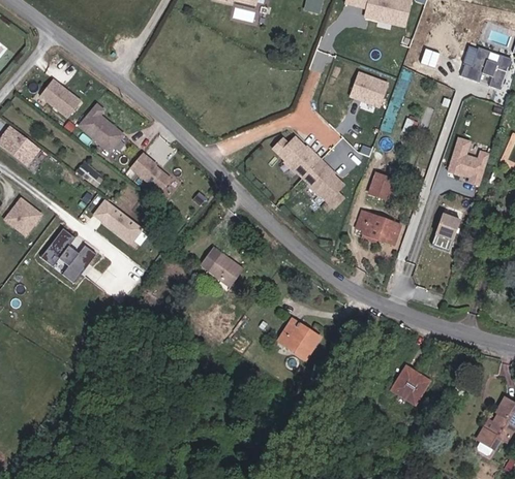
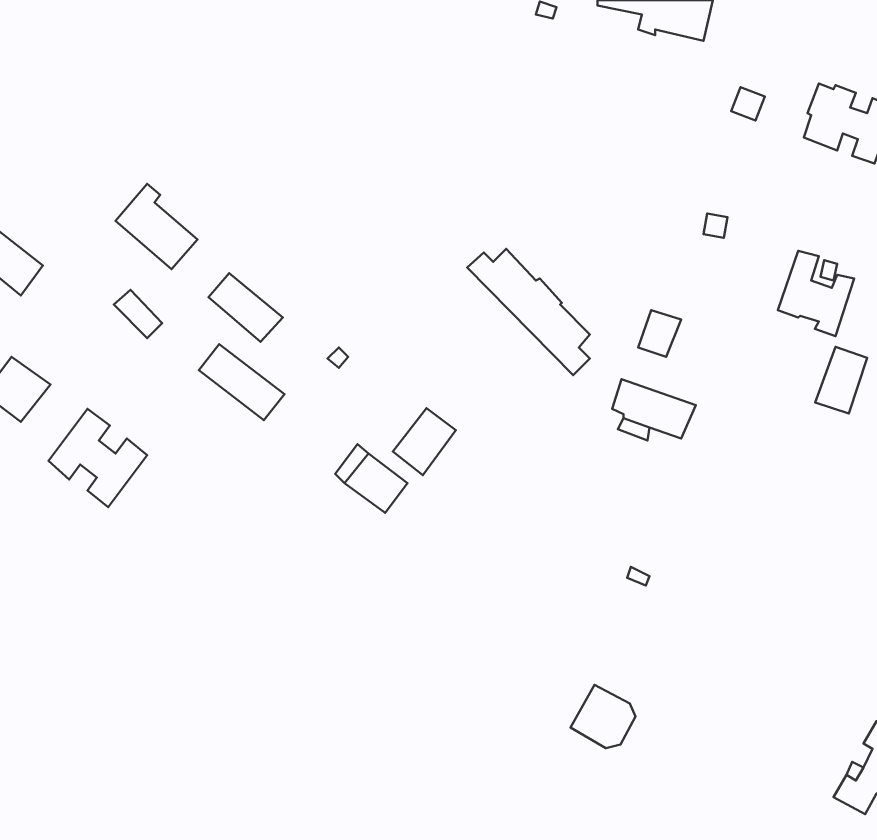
building: [351,73,387,105] -> none
building: [40,77,81,116] -> none
building: [94,199,142,242] -> [199,344,284,420]
building: [430,214,459,251] -> [815,347,867,414]
building: none -> [393,408,456,475]
building: [276,318,317,355] -> none
building: [390,369,426,404] -> [570,685,635,748]

